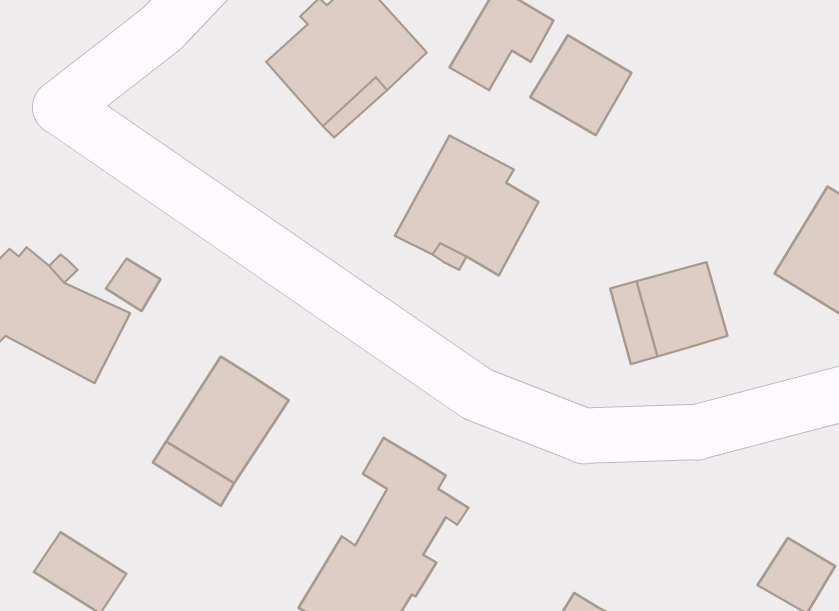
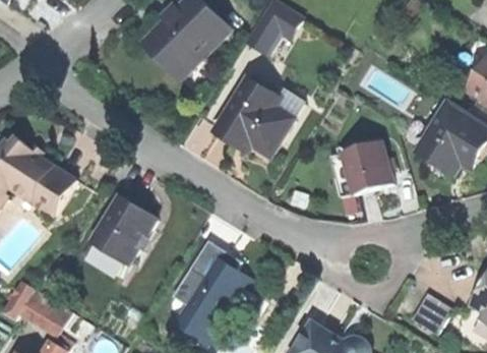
building: [530,35,632,135] -> none

